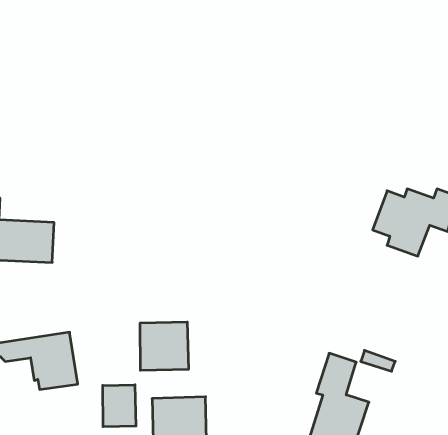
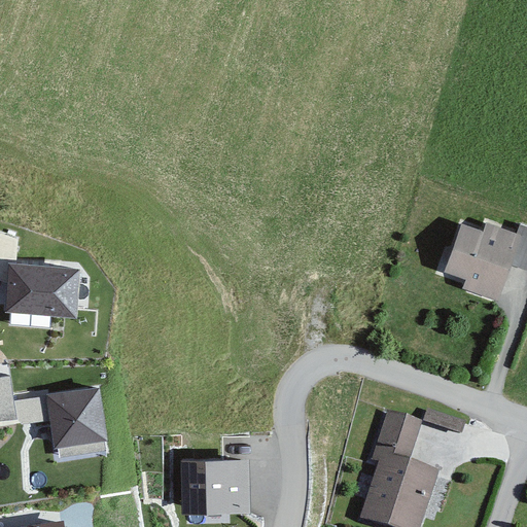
building: [140,322,188,370] -> none
building: [103,385,136,427] -> none

